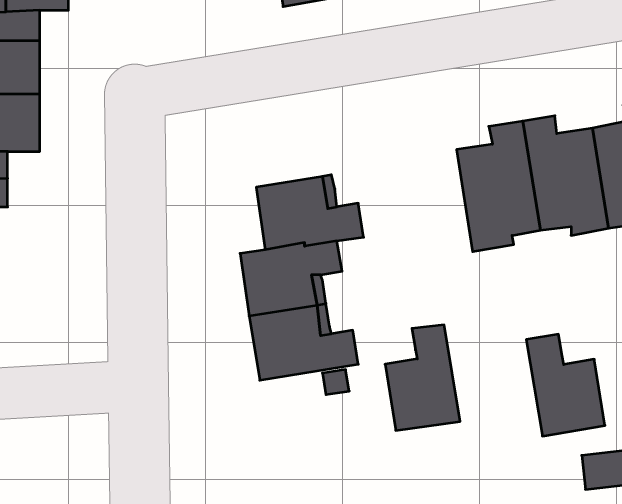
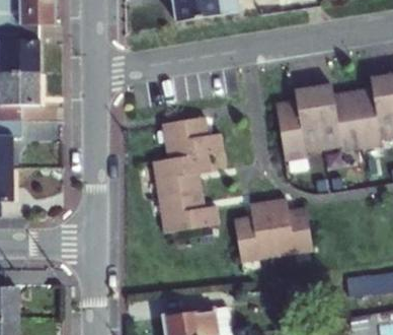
building: [526,334,605,436] -> [269,200,314,258]

